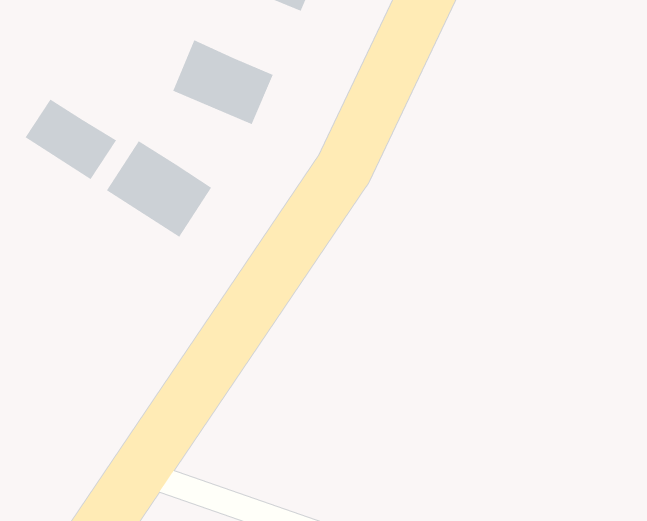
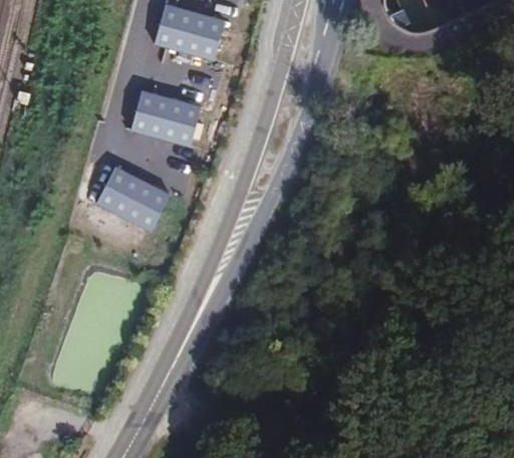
building: [25,98,117,180] -> none

